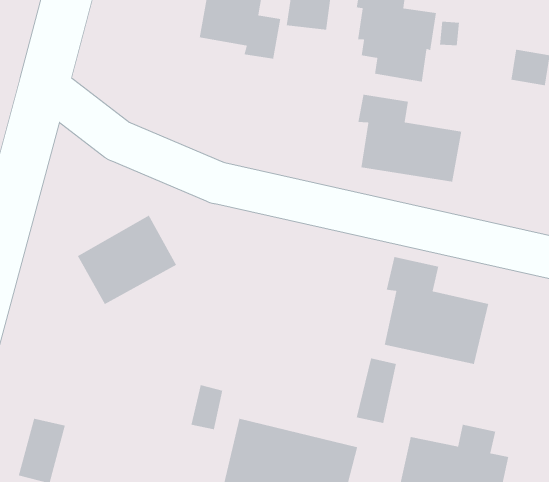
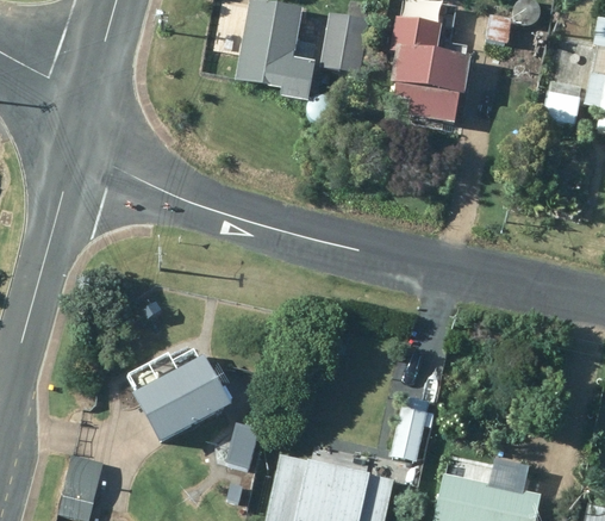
building: [358,94,462,183] -> none
building: [77,215,177,305] -> [133,352,232,441]
building: [384,256,489,365] -> none

